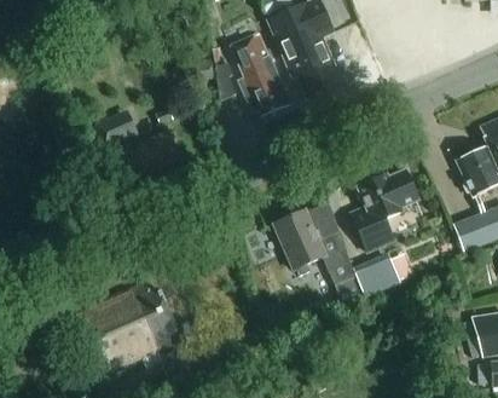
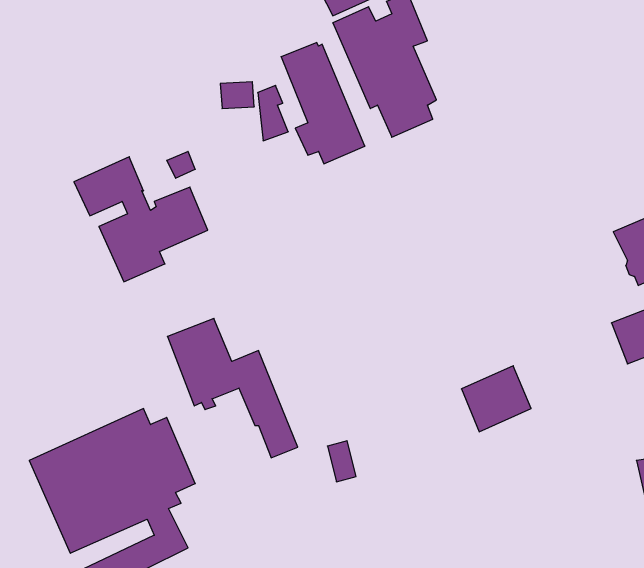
building: [355,168,417,249] -> none
building: [274,209,363,304] -> [167,318,298,458]

